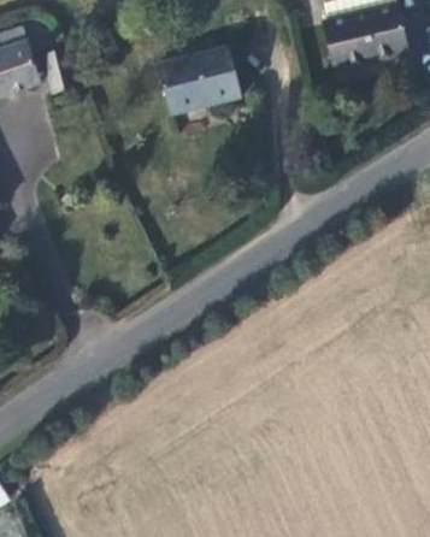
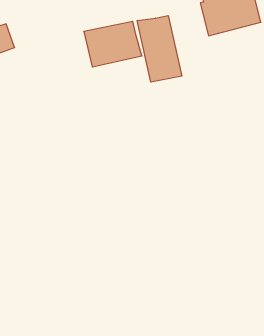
building: none -> [137,16,182,82]

